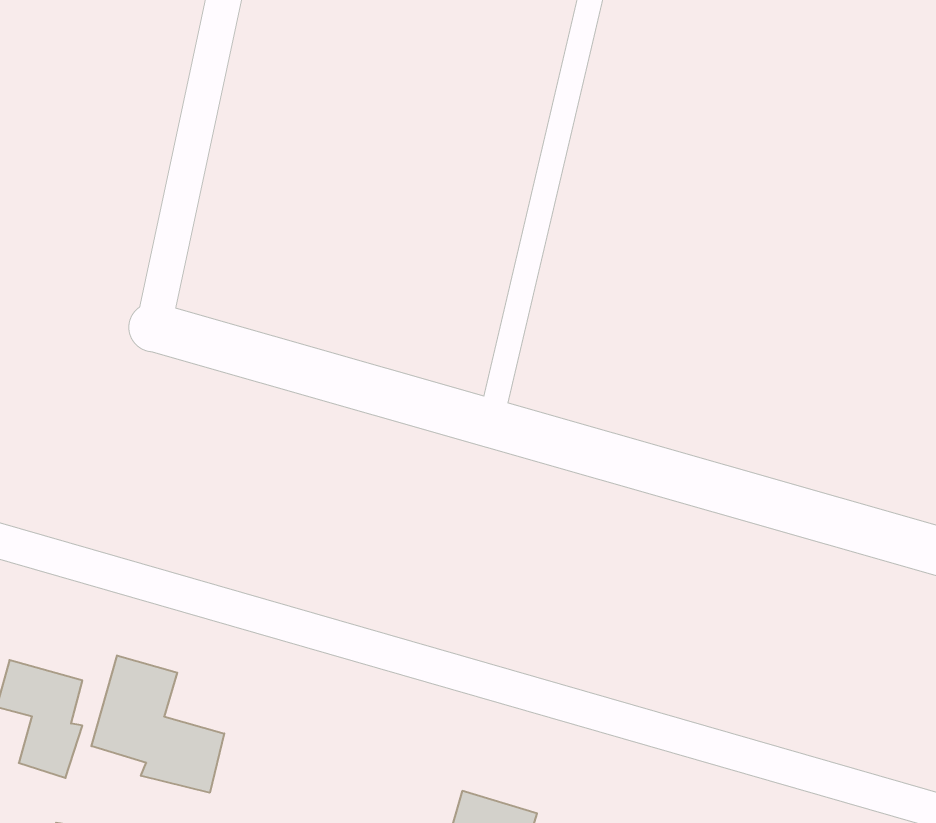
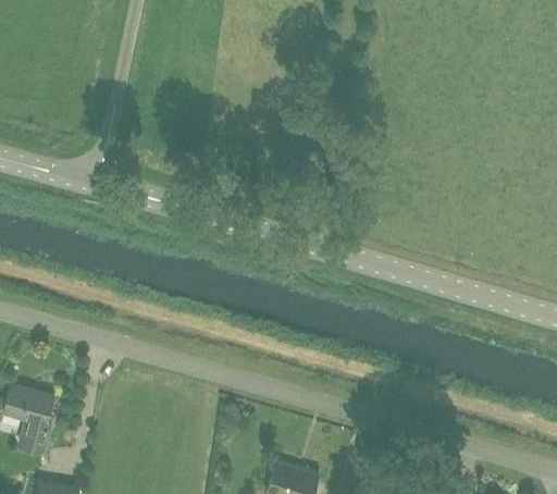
building: [91,655,224,793] -> none

